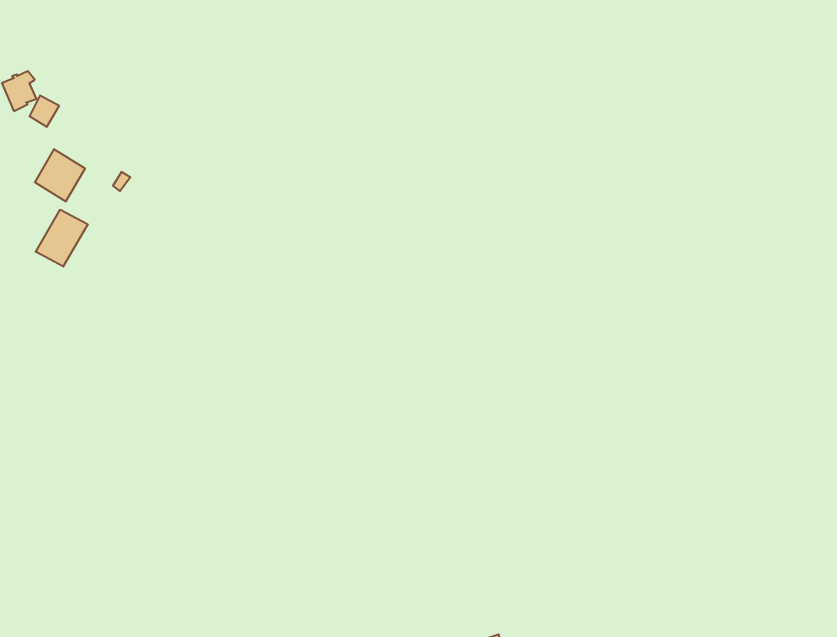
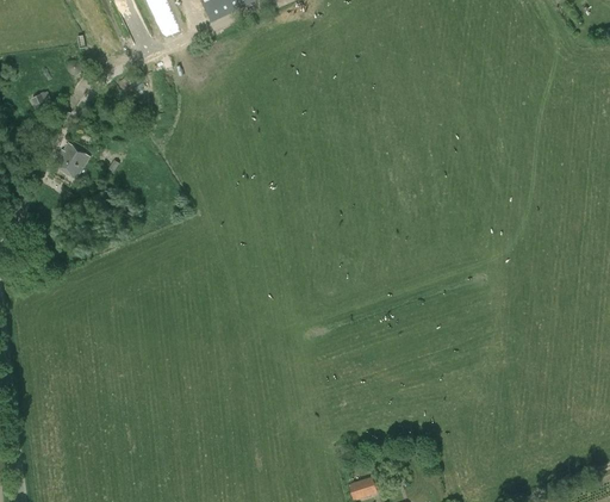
building: [36,210,88,267] -> none

